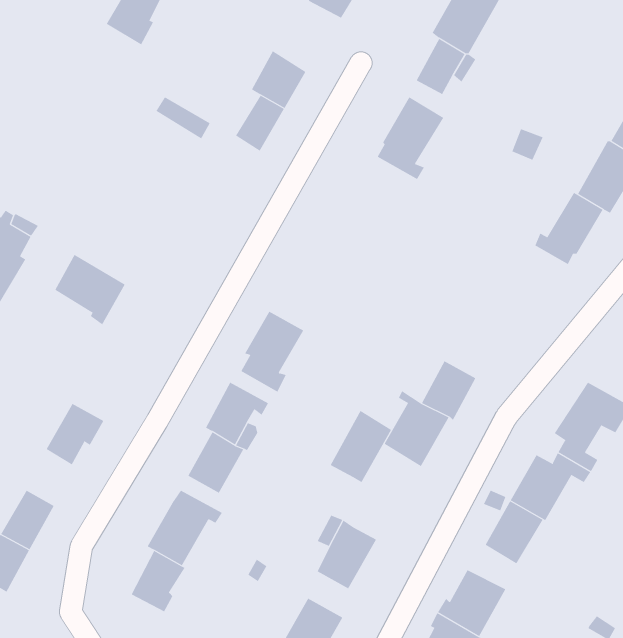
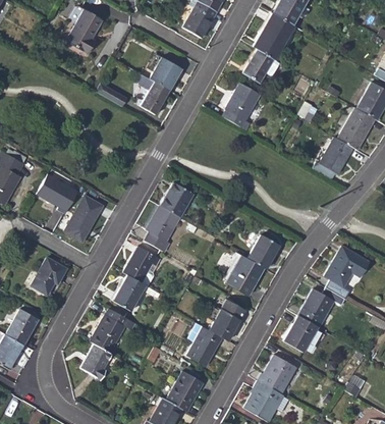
building: none -> [160,182,194,217]
building: none -> [64,195,102,242]
building: [330,410,392,483] -> [209,299,244,340]

